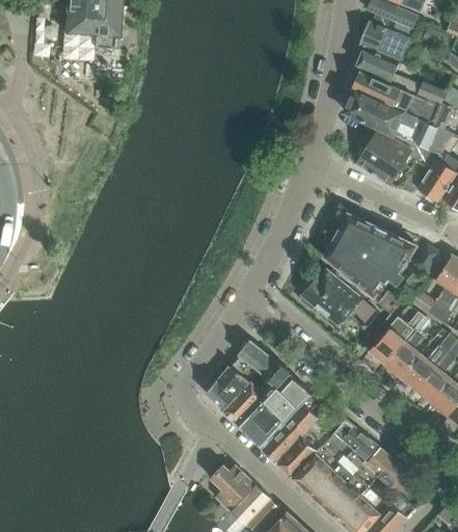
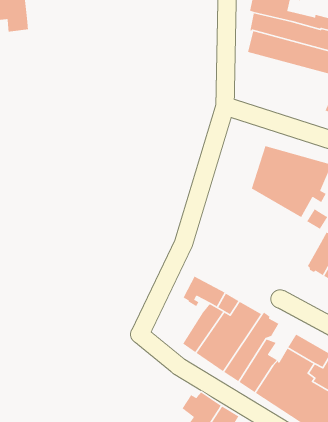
building: [356,129,411,184] -> none
building: [301,270,379,330] -> none
building: [206,362,250,410] -> none

